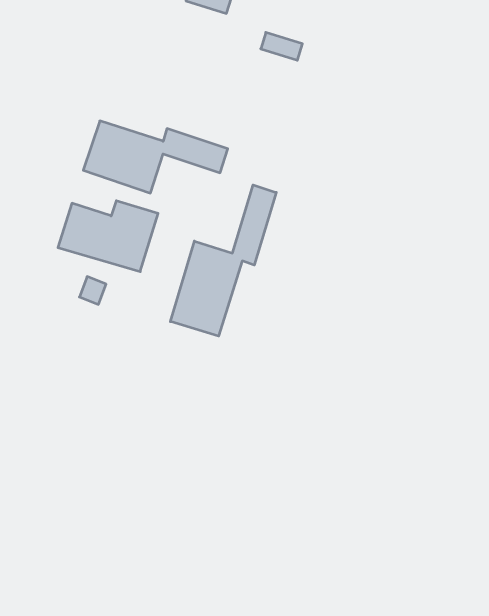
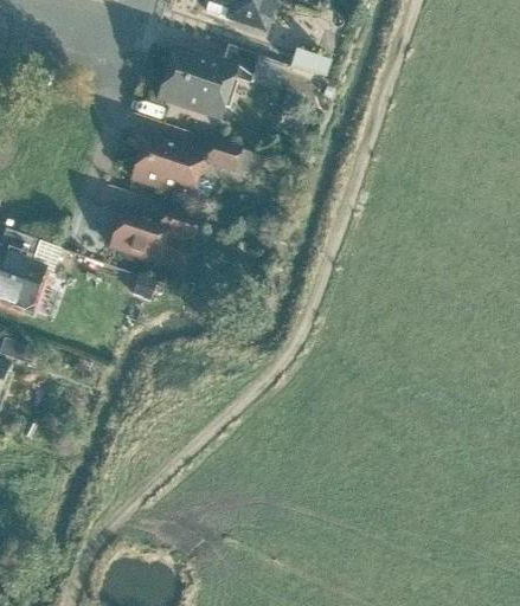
building: none -> [155,47,288,123]
building: [170,185,276,336] -> none

